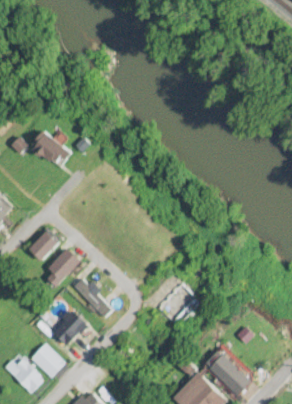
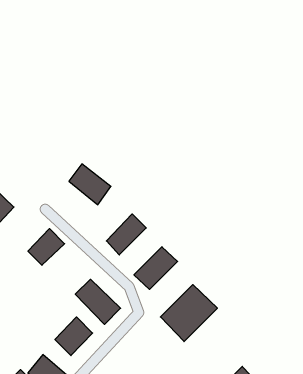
building: [32,131,71,169] -> [69,164,111,205]
building: none -> [134,247,178,289]
building: [44,248,81,286] -> [106,214,146,255]

